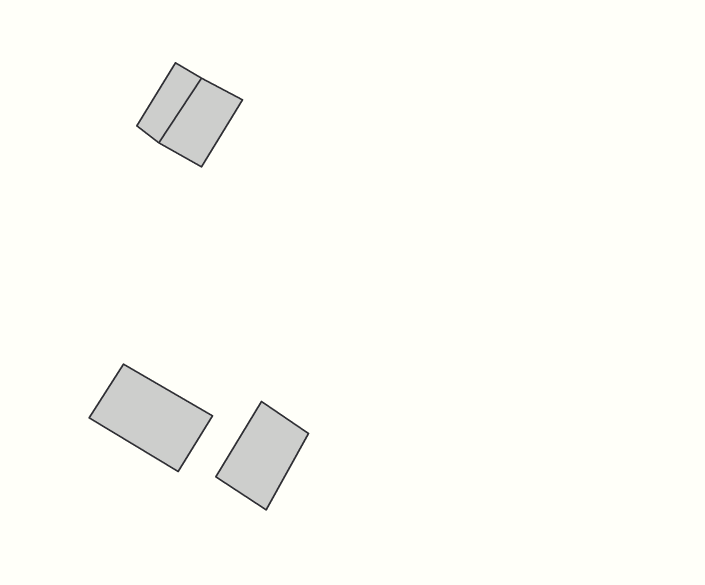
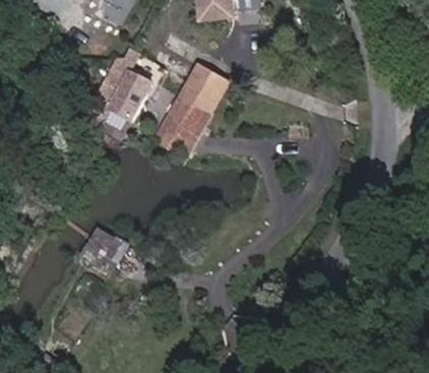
building: none -> [165,68,217,134]
building: [216,402,308,510] -> none

